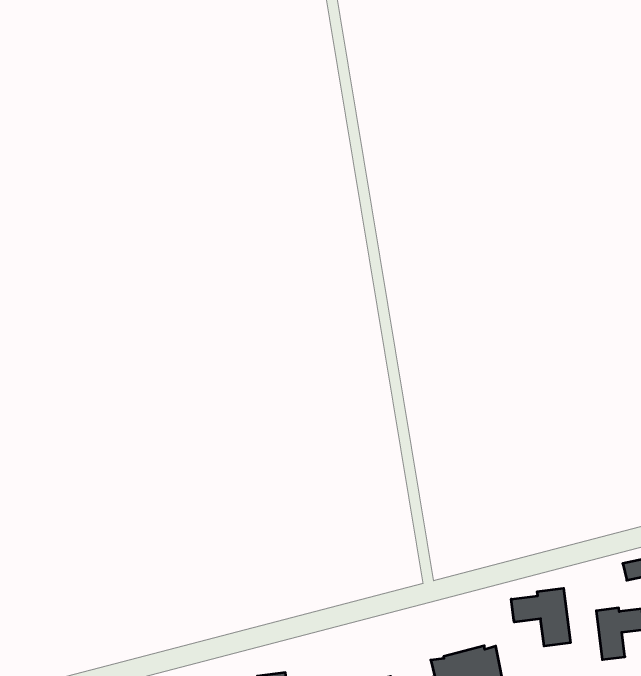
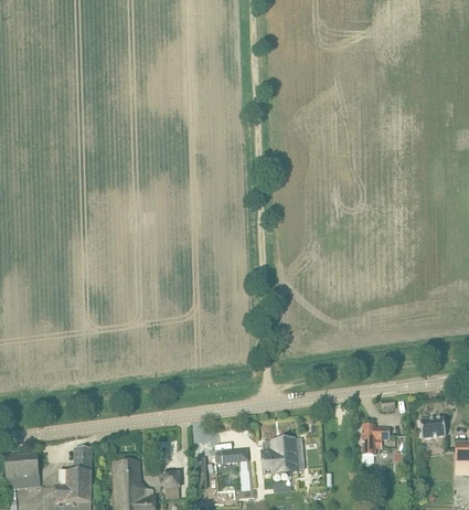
building: [511,588,570,646] -> none

